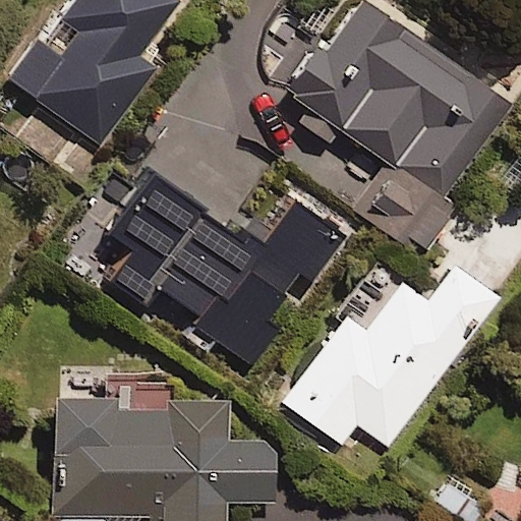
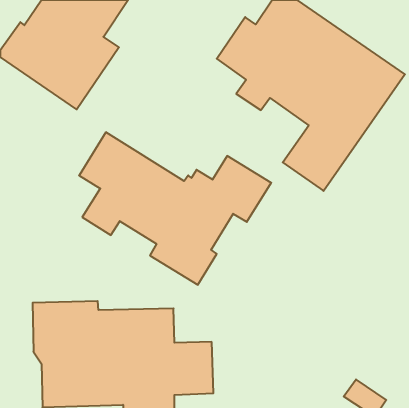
building: [283,259,499,450] -> none

